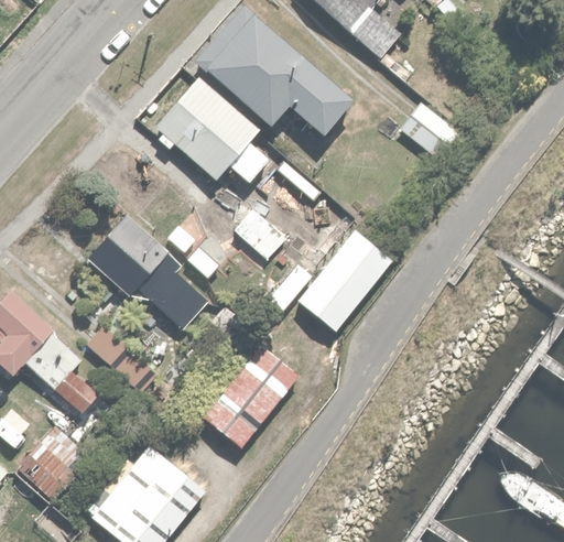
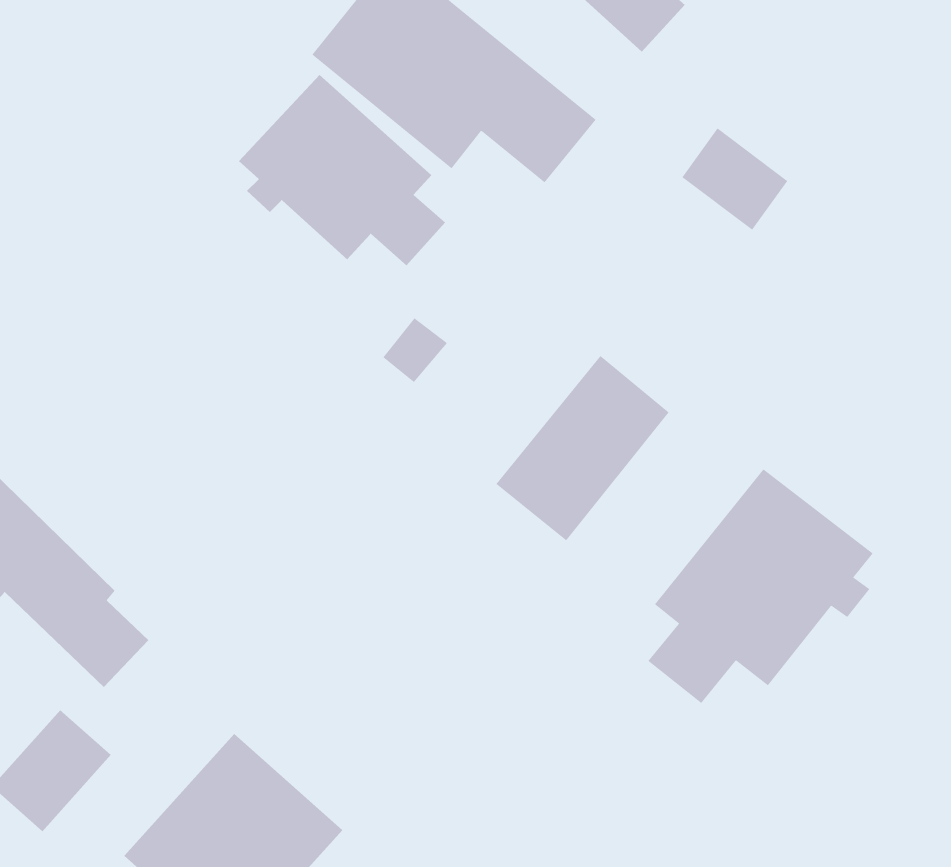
building: [86,212,212,334] -> none
building: none -> [647,468,873,704]
building: [200,342,300,448] -> none

